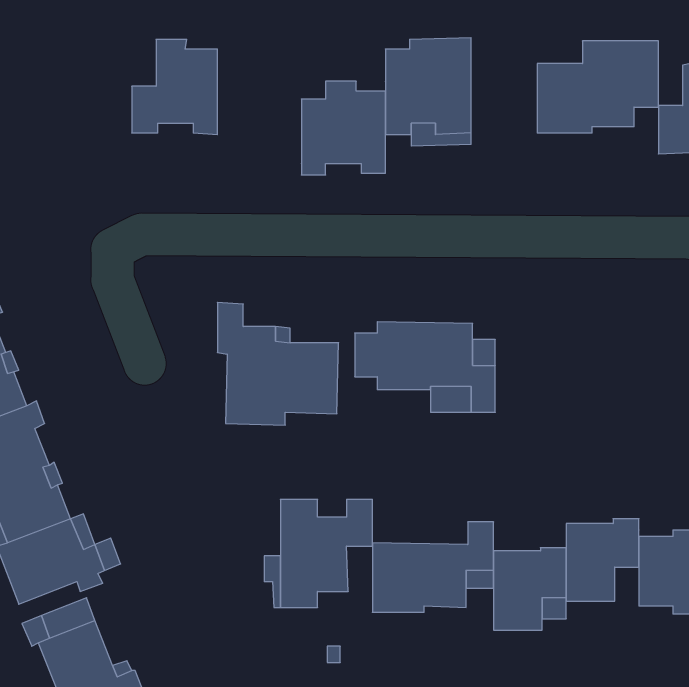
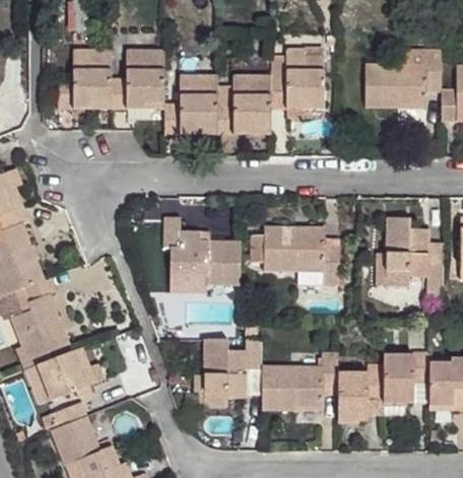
building: none -> [58,50,111,109]
building: none -> [164,75,217,135]
building: none -> [376,217,445,296]

